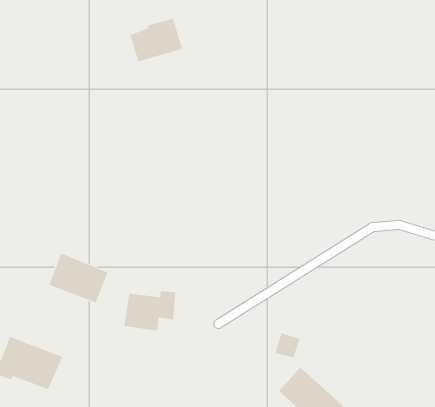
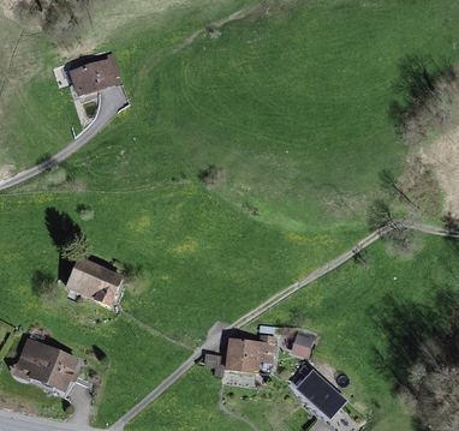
building: [129,18,183,62] -> [70,54,123,97]
building: [124,291,176,331] -> [225,335,276,375]

